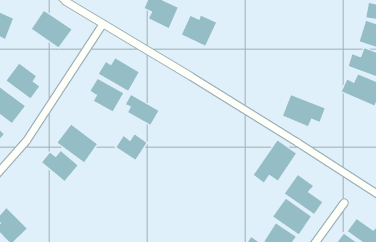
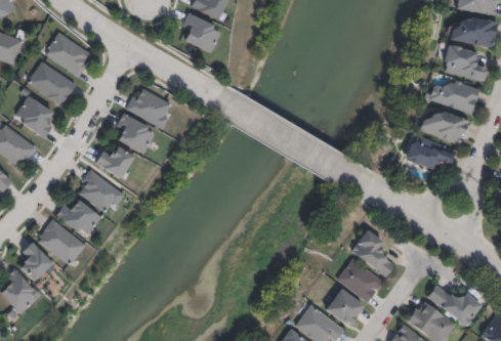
building: [181,15,217,46] -> none
building: none -> [27,59,77,105]
building: [125,94,159,125] -> none
building: [282,94,325,127] -> [404,133,456,172]
building: [115,133,148,161] -> [95,145,134,178]
building: [253,139,297,183] -> none
building: none -> [36,218,86,265]
building: none -> [20,242,53,282]

